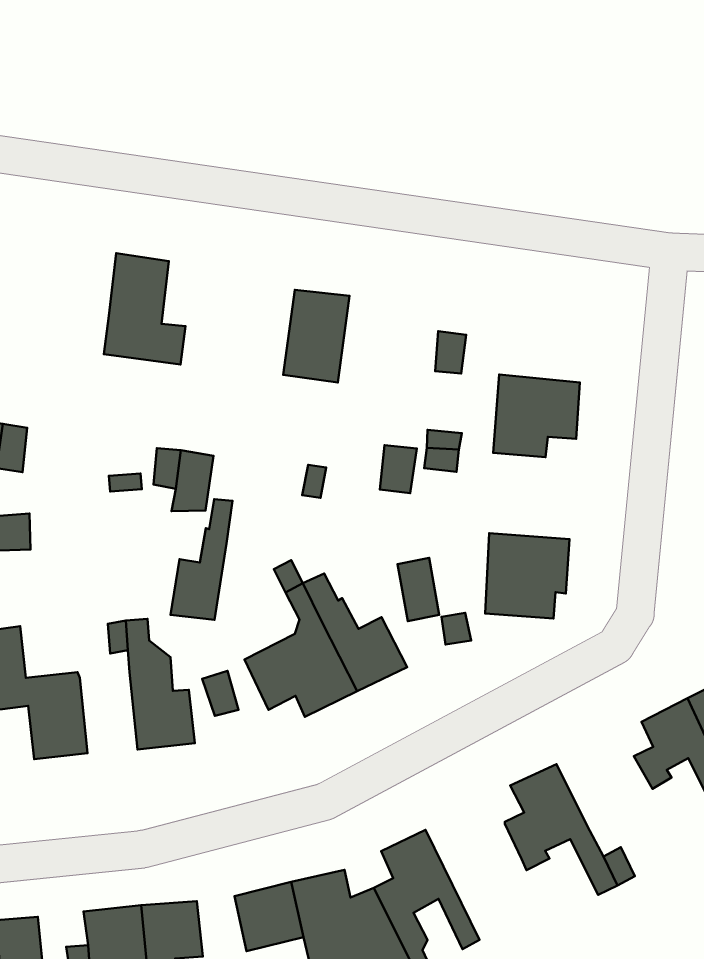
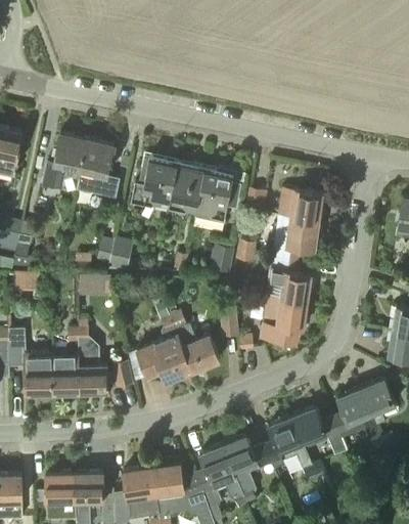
building: none -> [43,134,87,187]
building: none -> [131,159,177,208]
building: none -> [195,169,241,224]
building: none -> [278,188,323,223]
building: none -> [267,256,311,303]
building: [171,499,233,620] -> none
building: none -> [52,354,79,394]
building: none -> [292,408,349,458]
building: none -> [223,436,271,505]

